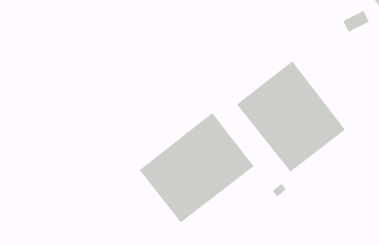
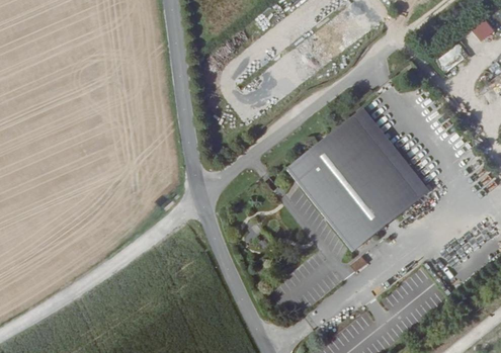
building: [139,112,254,223] -> none

